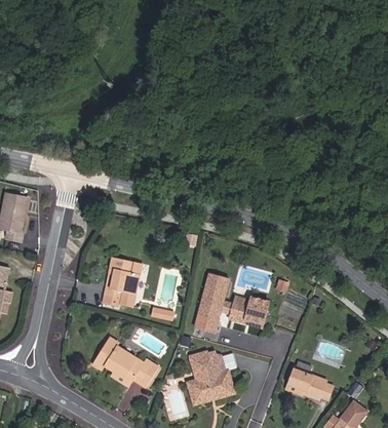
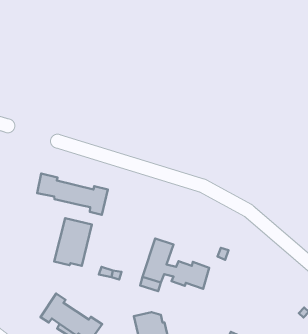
building: none -> [37,173,108,215]

